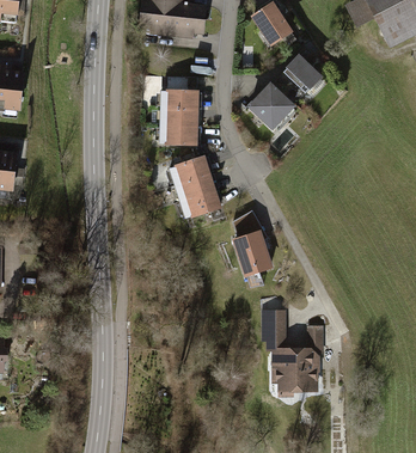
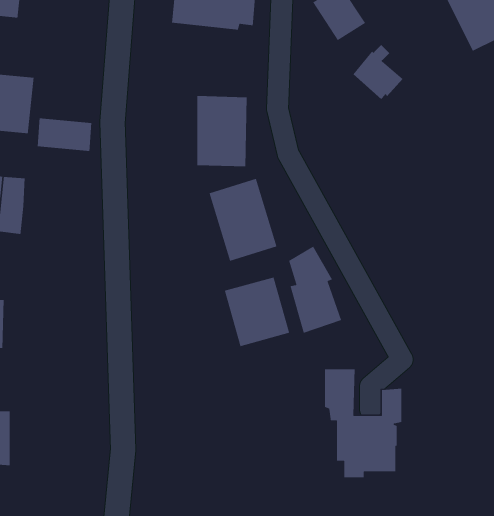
building: [246,80,295,127] -> none
building: none -> [37,118,92,152]
building: none -> [224,276,290,347]

